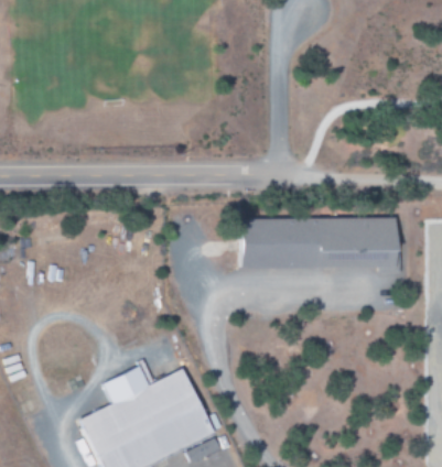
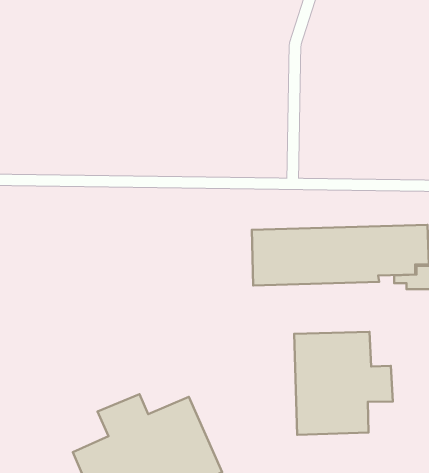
building: none -> [294,332,393,435]

